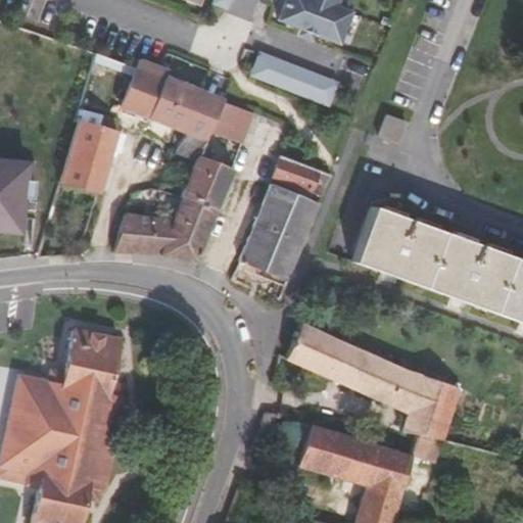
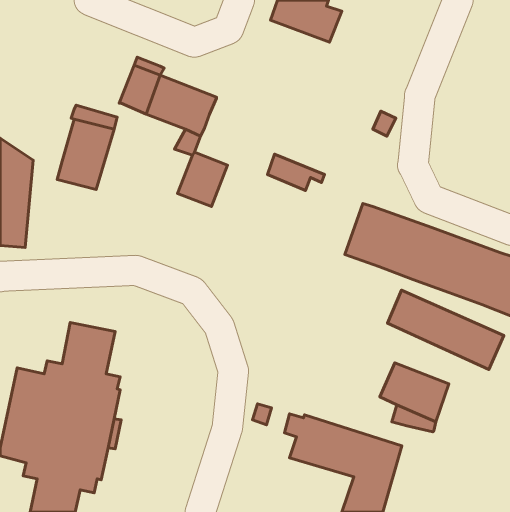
building: [251,53,339,106] -> none
building: [210,100,255,144] -> none
building: [241,185,319,279] -> none
building: [115,197,218,259] -> none
building: [286,324,405,405] -> [388,290,504,369]

